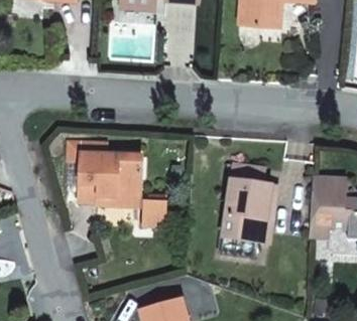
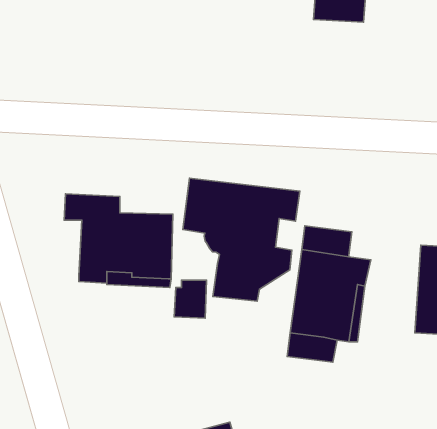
building: none -> [183,178,300,301]

